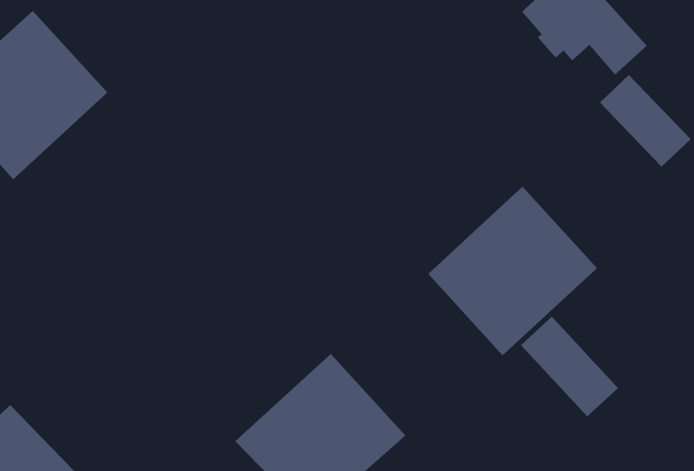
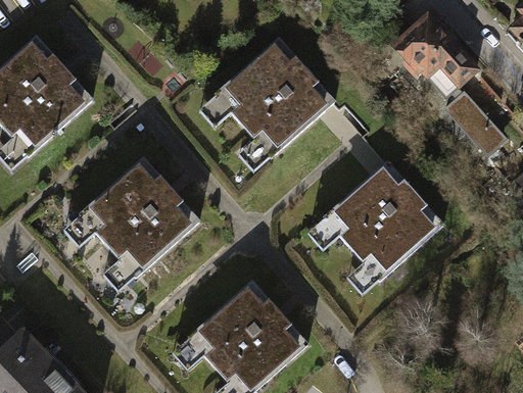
building: none -> [206,44,330,166]
building: none -> [75,159,198,282]
building: [520,316,619,417] -> none

